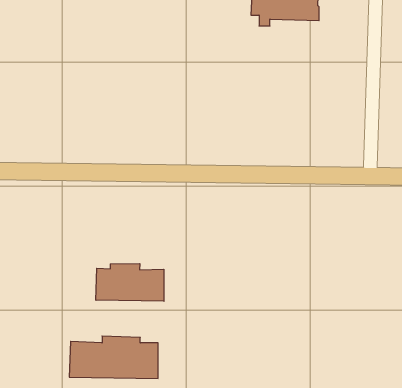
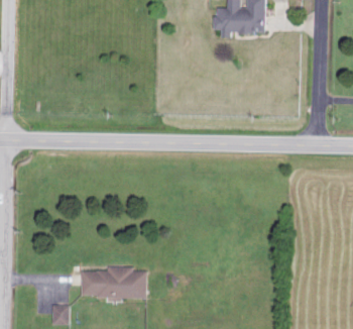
building: [96,264,164,301] -> none

